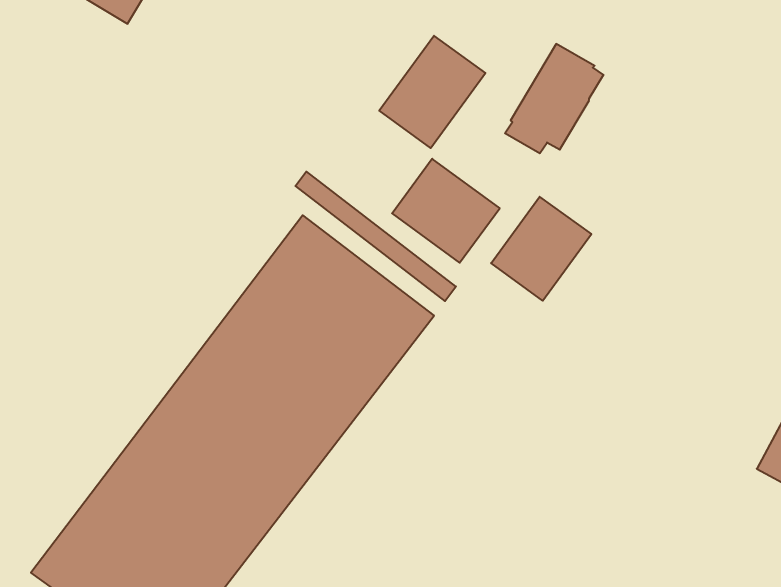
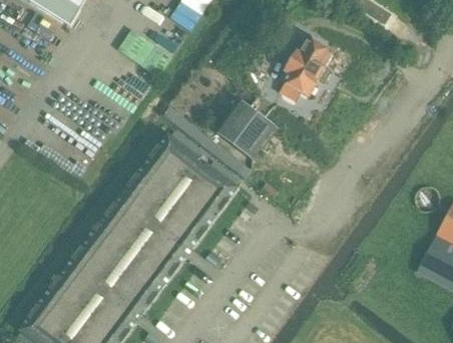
building: [379,36,485,148] -> none
building: [491,197,591,301] -> none

